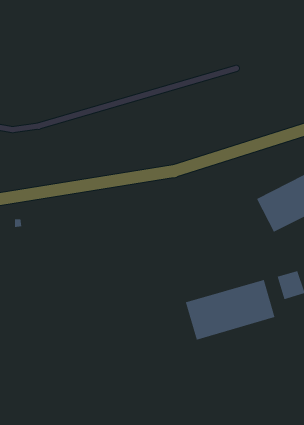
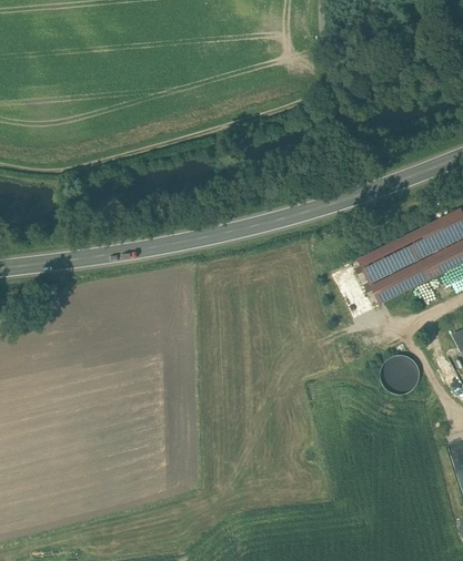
building: [185,279,275,341] -> none

